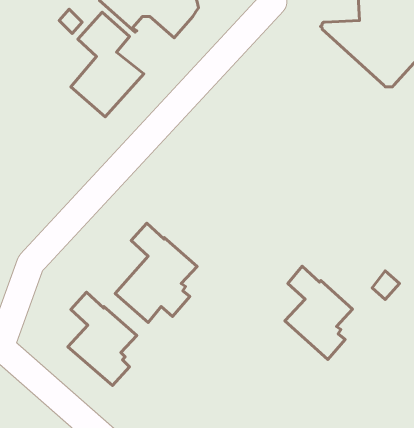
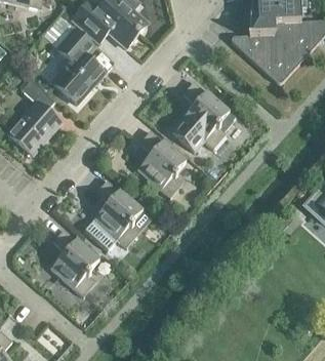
building: none -> [7,79,59,155]
building: none -> [171,81,235,151]
building: [285,266,352,360] -> [136,130,185,197]

